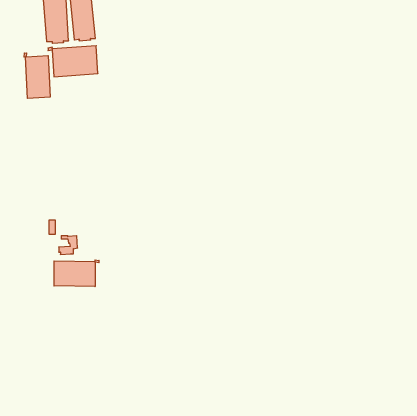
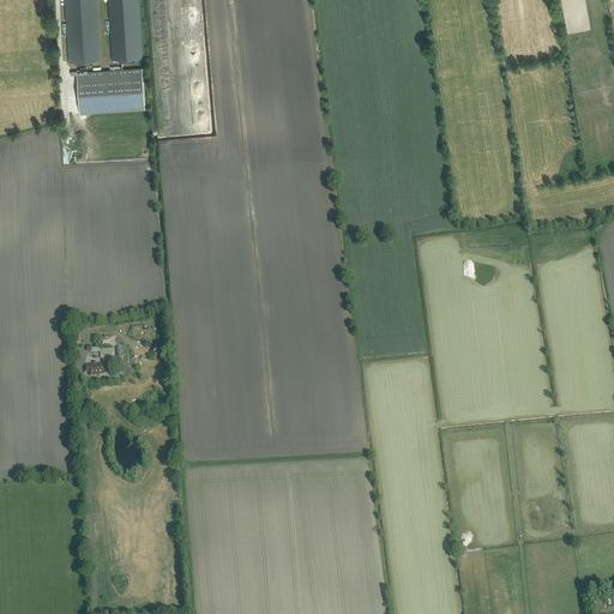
building: [24,53,50,98] -> none
building: [54,260,99,287] -> none

